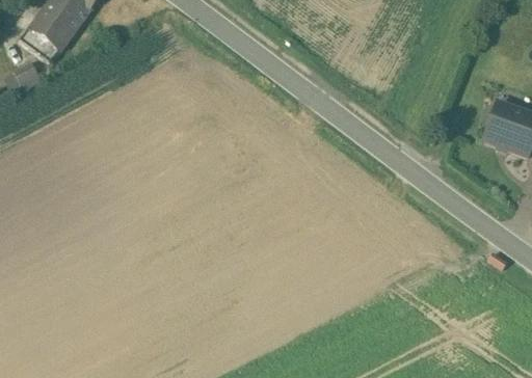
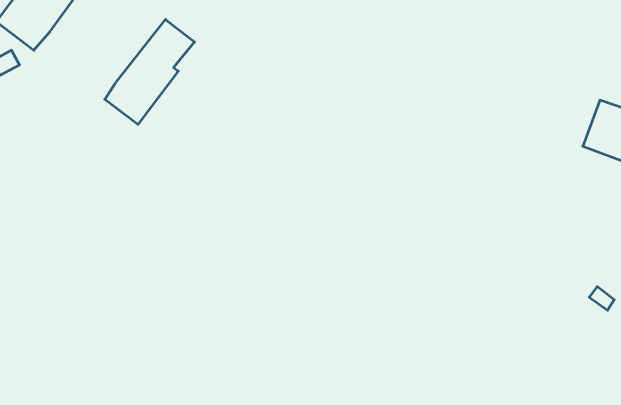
building: none -> [105,19,195,124]

